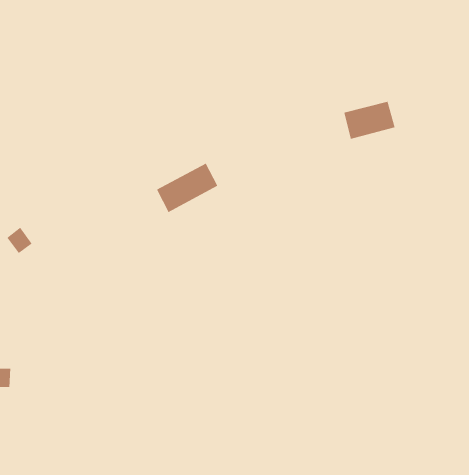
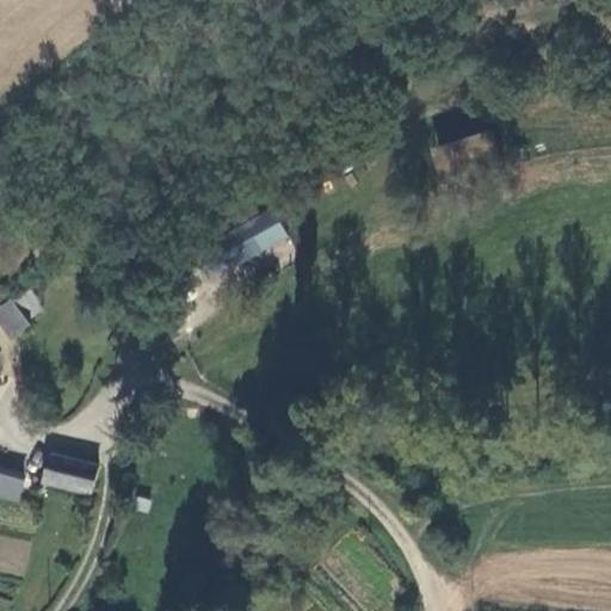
building: none -> [43,455,97,495]

